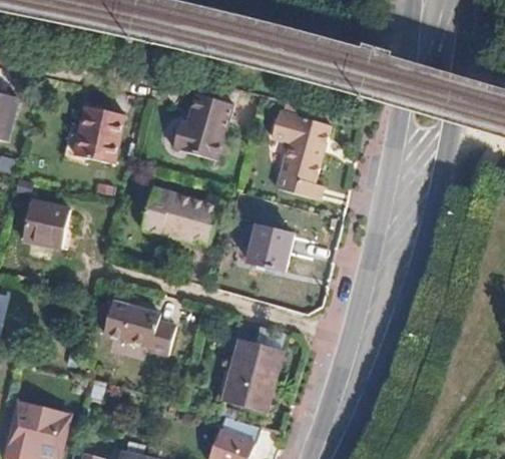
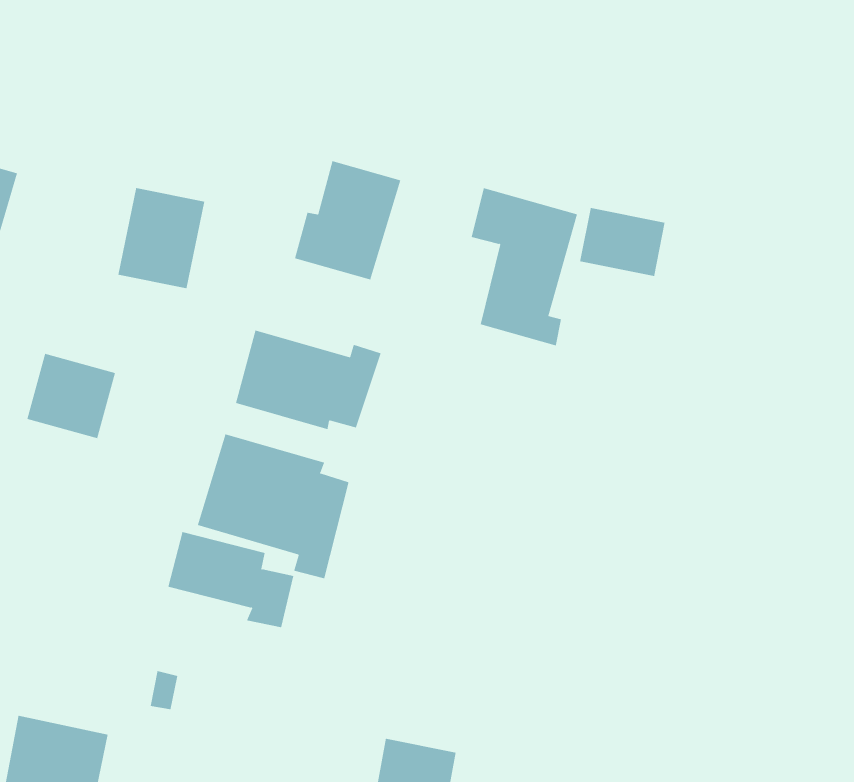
building: none -> [579,207,665,277]
building: [245,222,293,270] -> none
building: none -> [197,433,349,579]
building: [220,340,280,413] -> none

